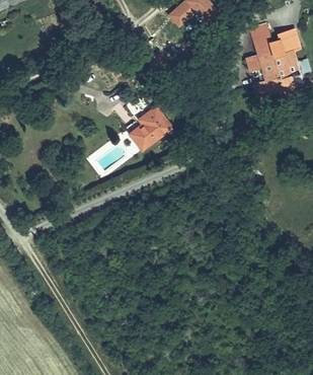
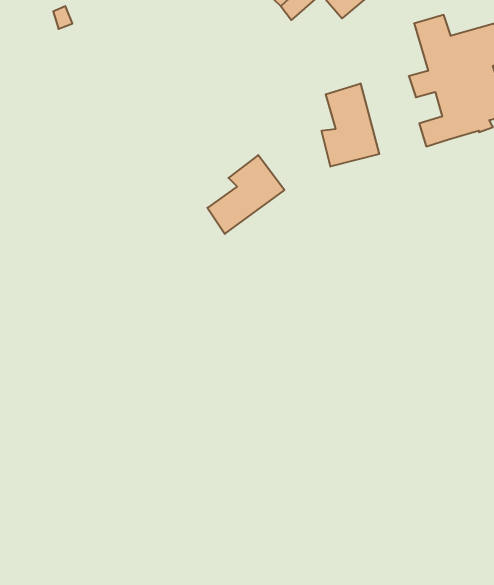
building: none -> [322,83,379,167]

